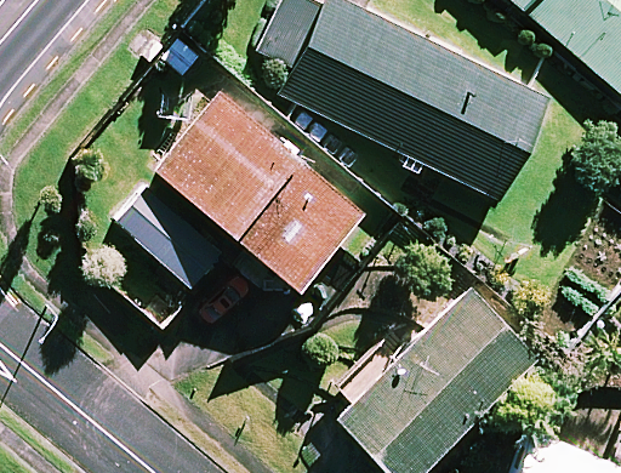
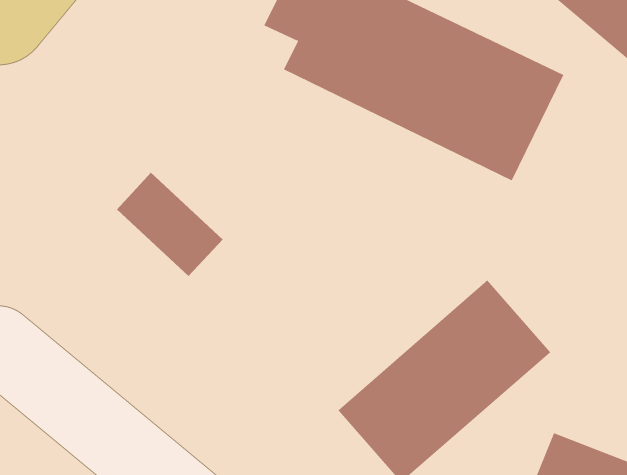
building: [158,92,365,289] -> none

